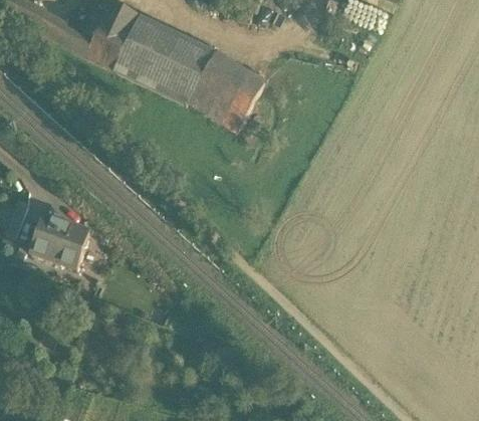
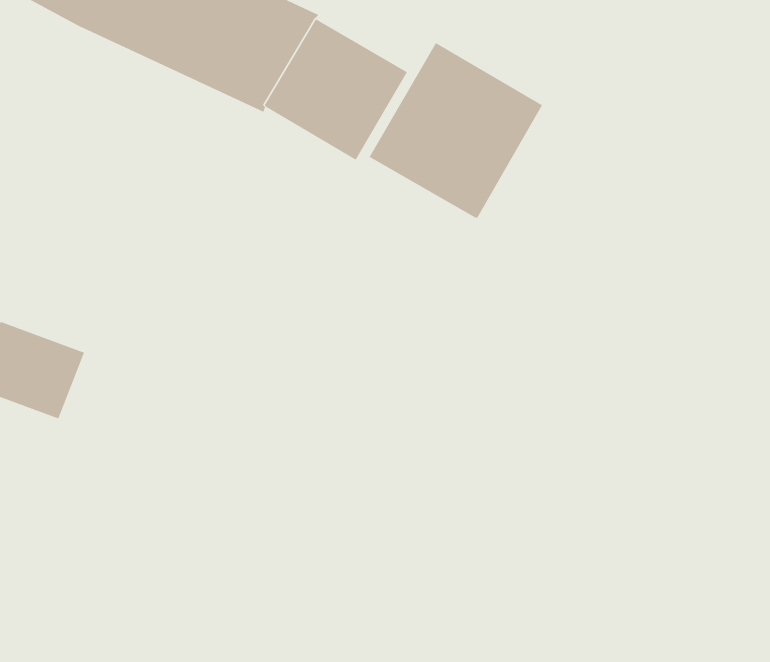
building: none -> [369,42,543,219]

